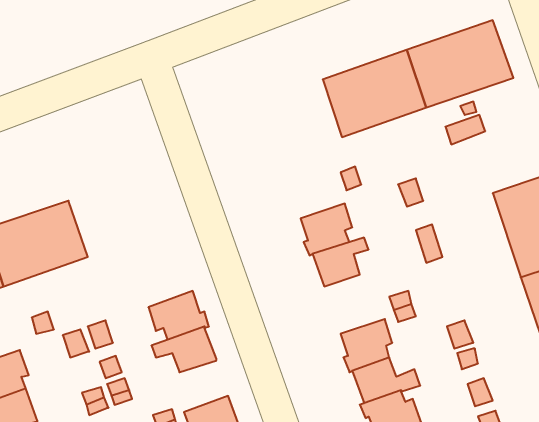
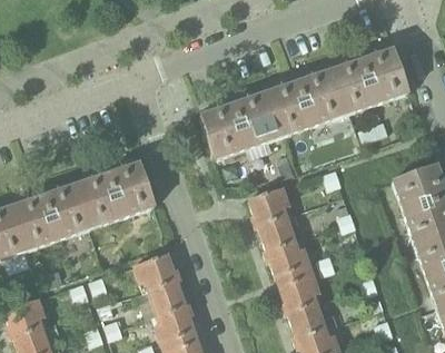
building: none -> [199,94,279,159]
building: none -> [73,161,154,227]
building: none -> [263,241,312,285]
building: none -> [154,303,194,344]

